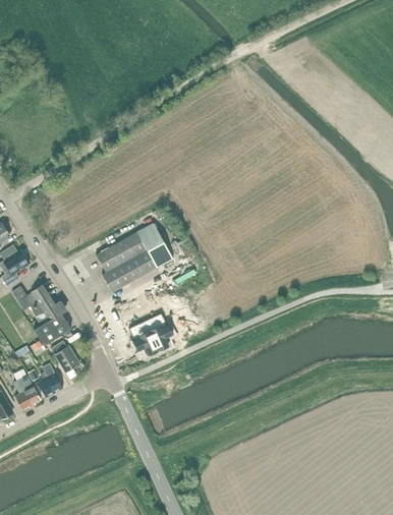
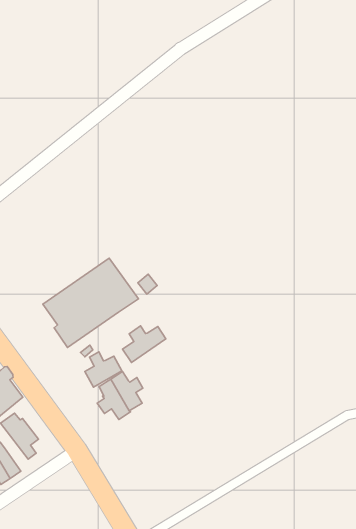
building: none -> [122,326,166,363]
building: none -> [85,352,122,387]

